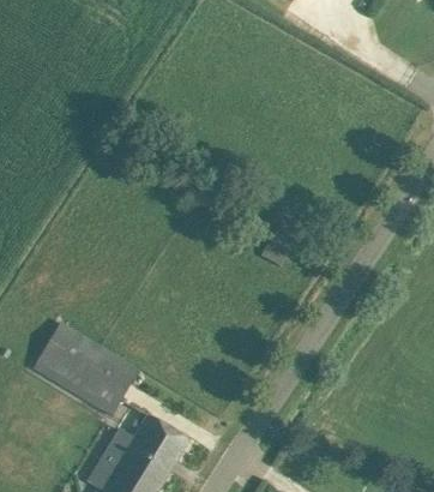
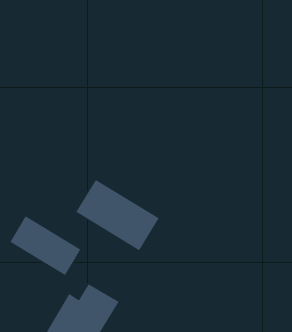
building: none -> [75,179,160,251]

